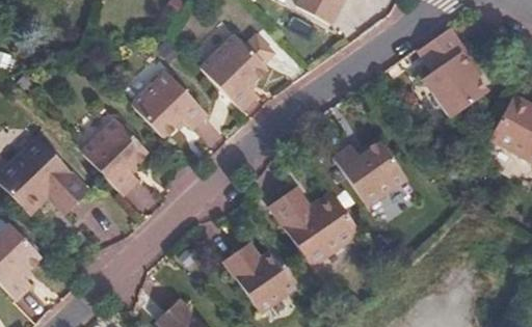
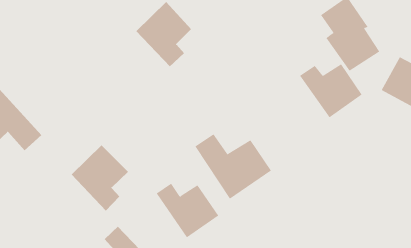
building: [131,71,209,138] -> none
building: [81,118,150,197] -> [71,145,129,212]
building: [334,142,408,207] -> [299,64,363,118]

